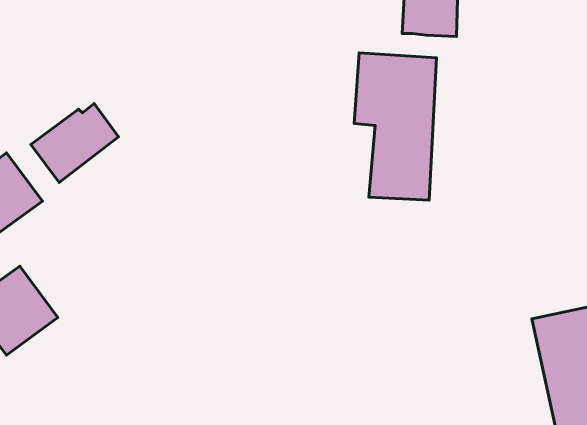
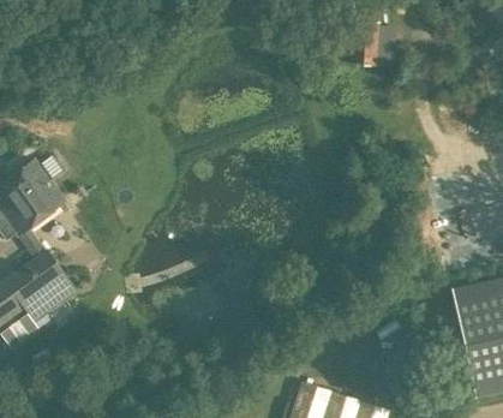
building: [354,53,436,200] -> none
building: [31,104,119,183] -> none

